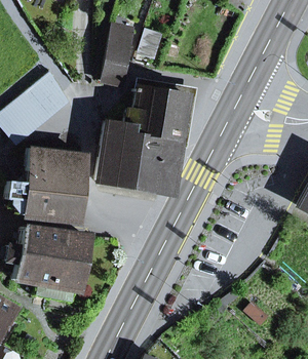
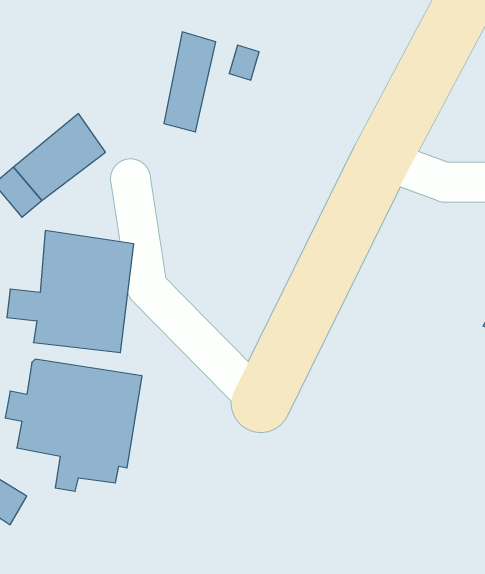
building: [98,86,189,192] -> none

